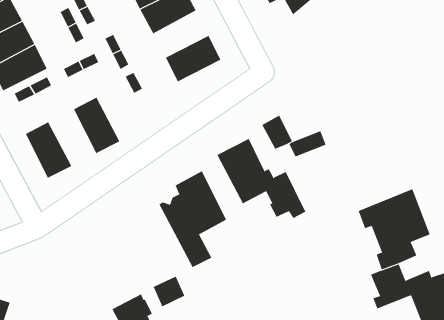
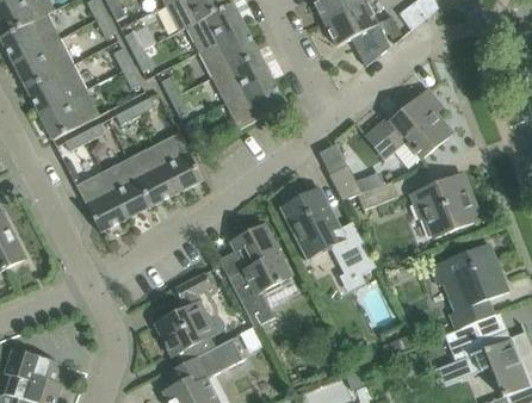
building: none -> [212,52,272,103]
building: none -> [366,89,451,157]
building: none -> [153,131,203,192]
building: none -> [101,157,151,218]
building: none -> [415,173,480,237]
building: none -> [155,272,223,355]

